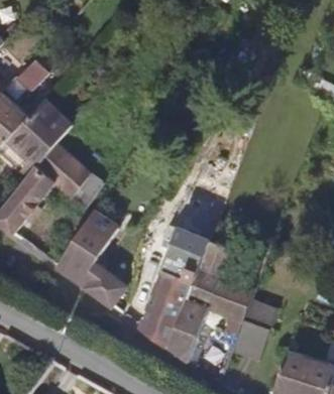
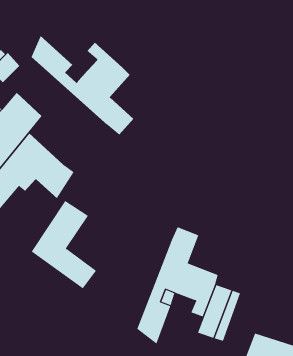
building: none -> [31,35,134,136]
building: [140,241,204,346] -> none

